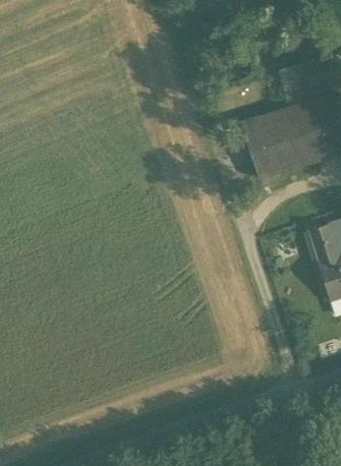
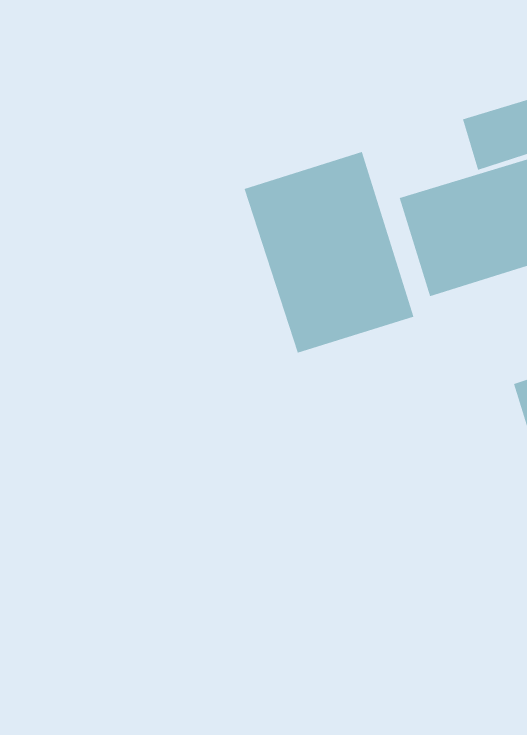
building: none -> [244,151,414,353]

